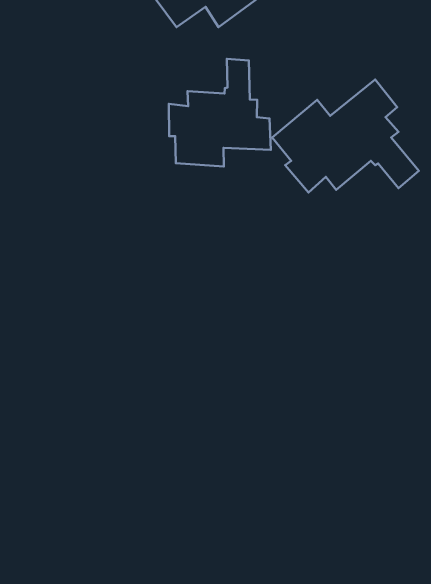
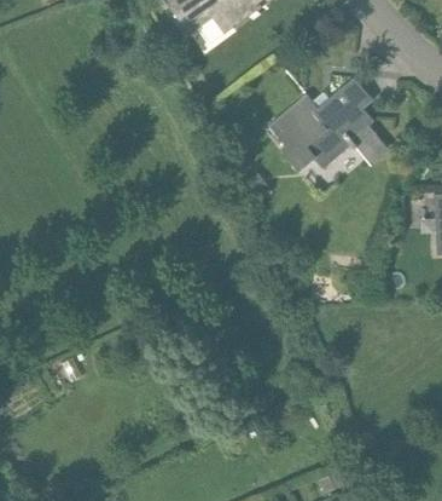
building: [169,59,271,166] -> none

